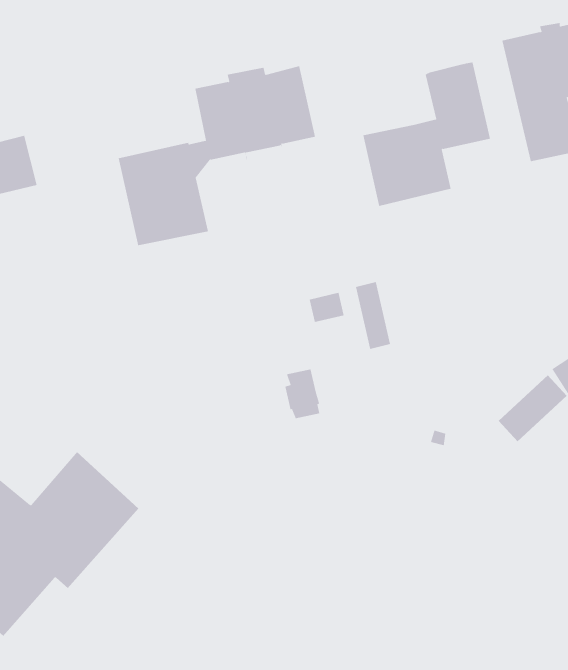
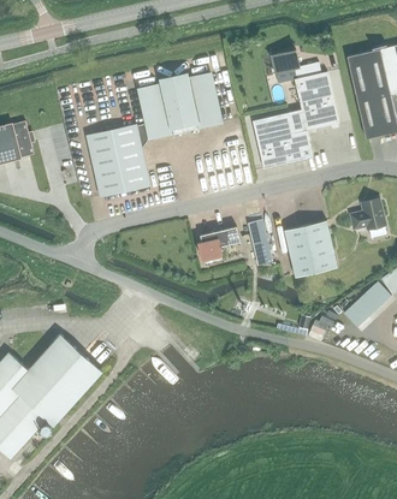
building: none -> [272,49,321,78]
building: none -> [350,197,386,230]
building: none -> [284,220,337,277]
building: [284,369,320,419] -> [199,231,223,265]

